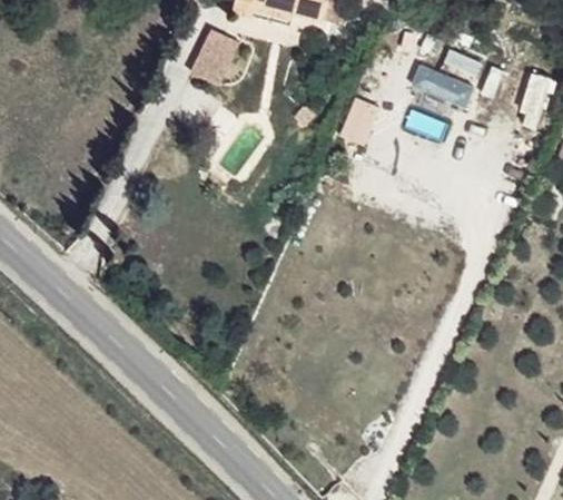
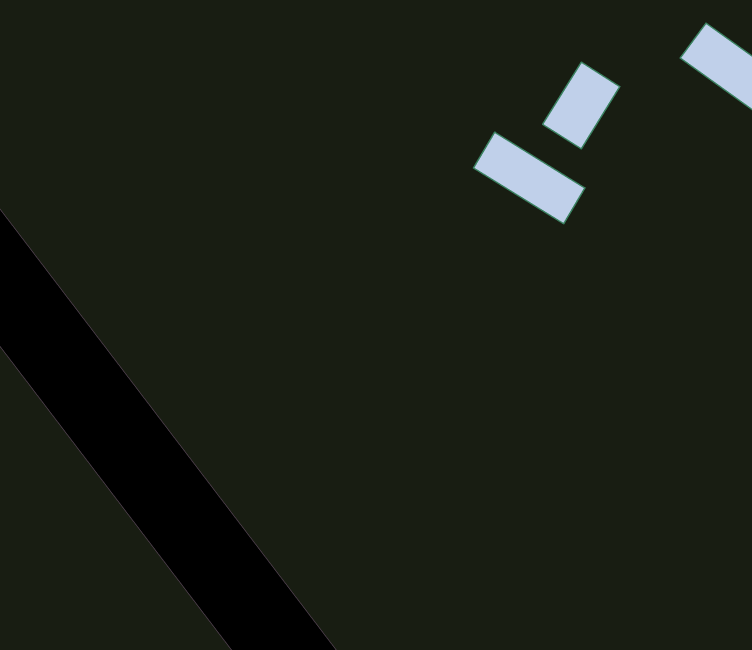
building: none -> [473,132,585,224]

